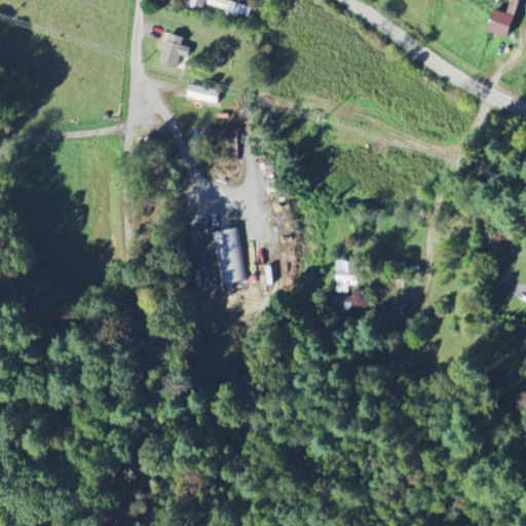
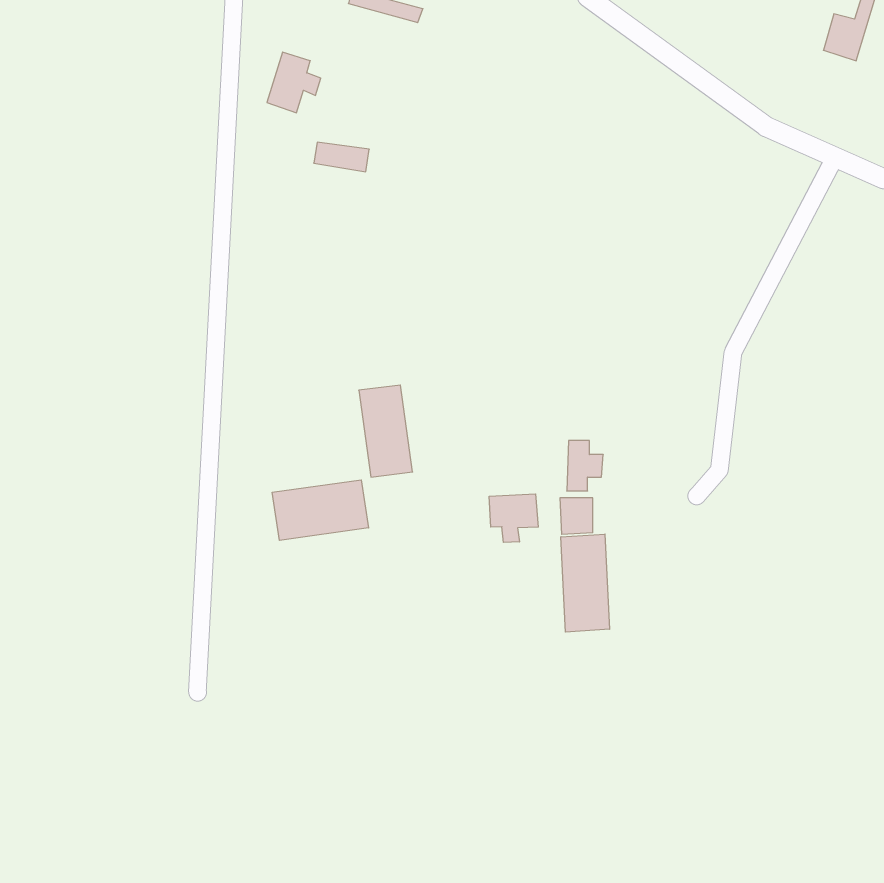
building: none -> [272,480,369,540]
building: none -> [489,494,538,542]
building: none -> [561,534,610,632]

